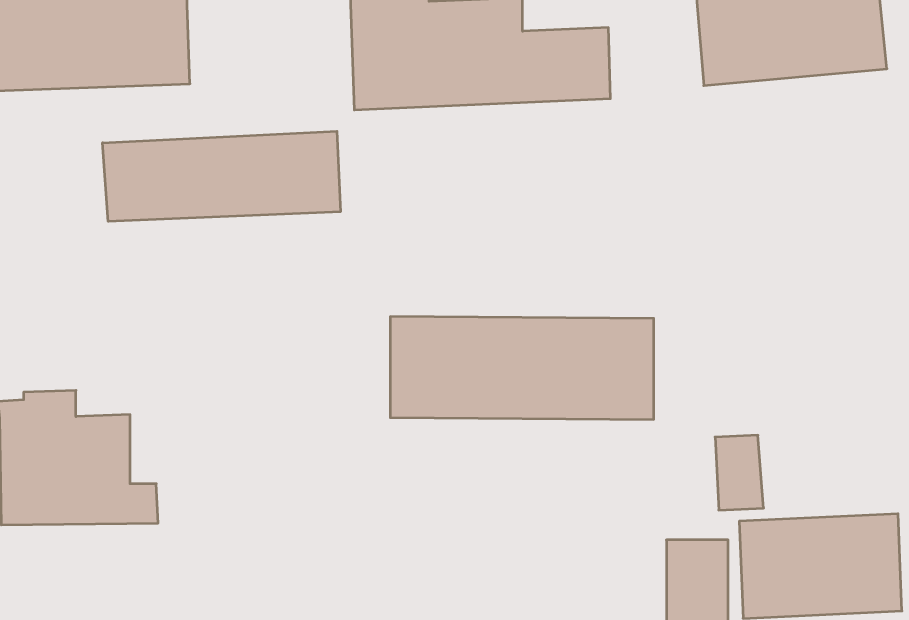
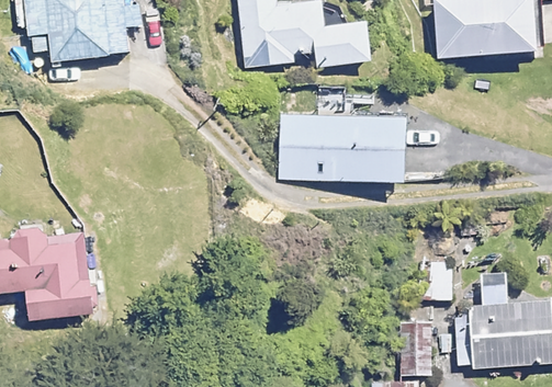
building: [103,131,340,221] -> none
building: [390,317,654,419] -> [282,117,437,178]

